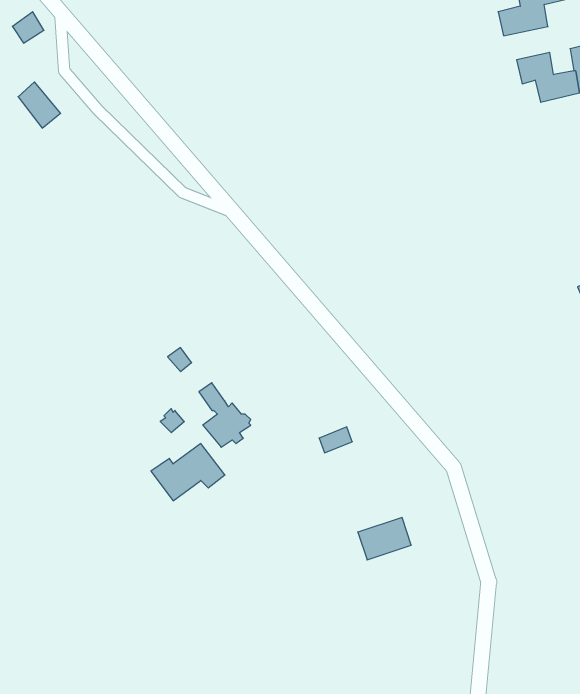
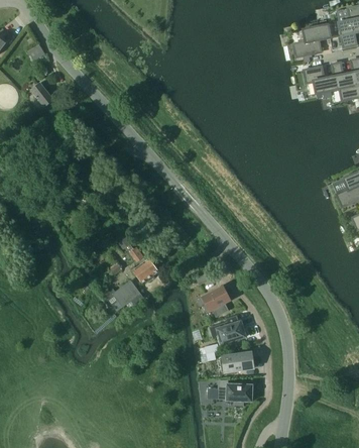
building: none -> [201,286,230,317]
building: none -> [219,351,251,370]
building: none -> [218,379,251,404]

